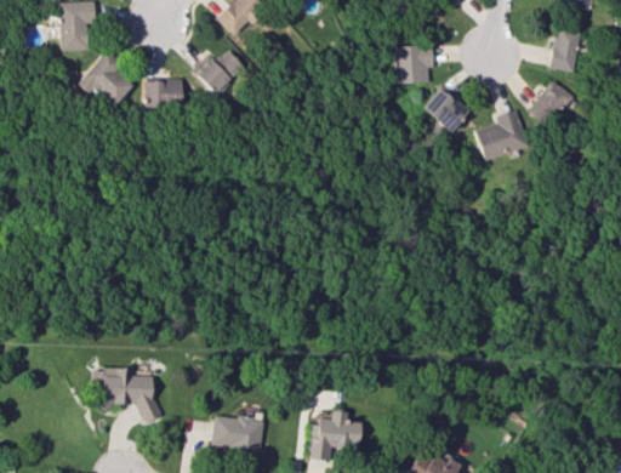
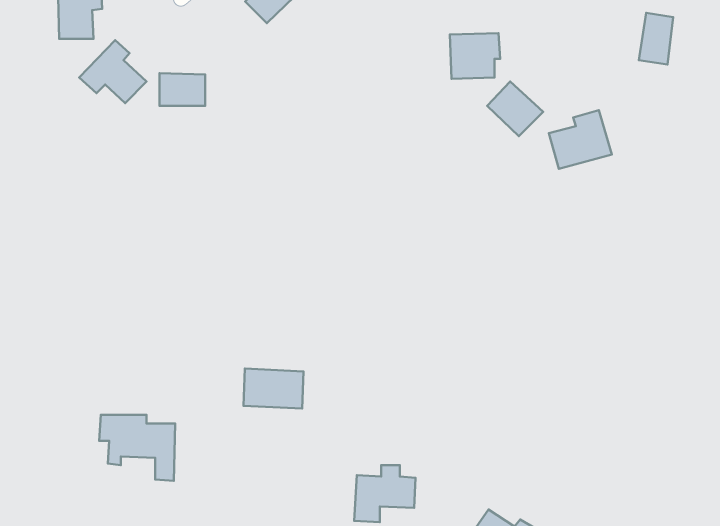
building: [196,47,244,93] -> none
building: [524,79,574,129] -> none
building: [213,416,264,450] -> [243,369,304,409]

